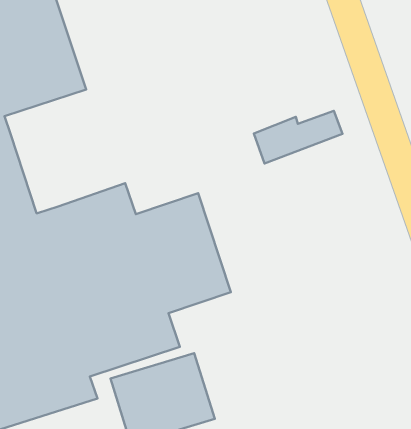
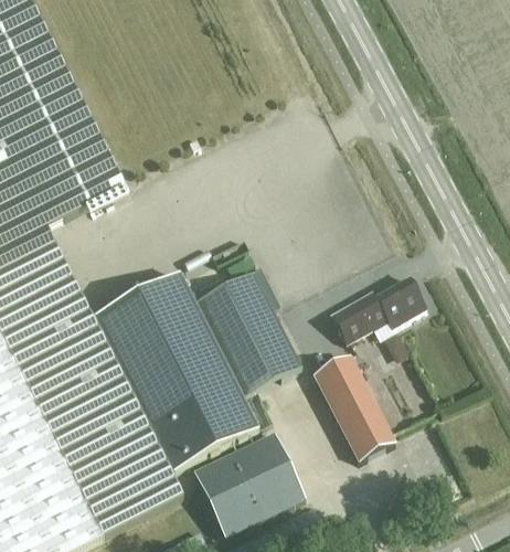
building: [254,111,342,164] -> [331,277,421,341]
building: none -> [312,353,395,459]

